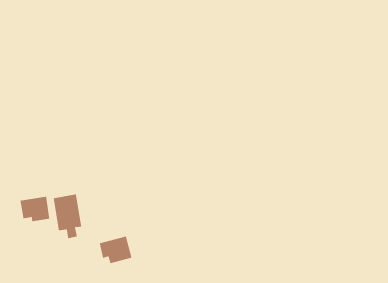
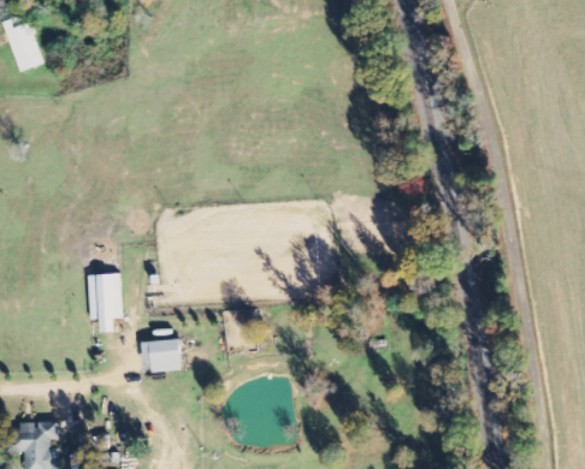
building: [20,196,50,222] -> none

